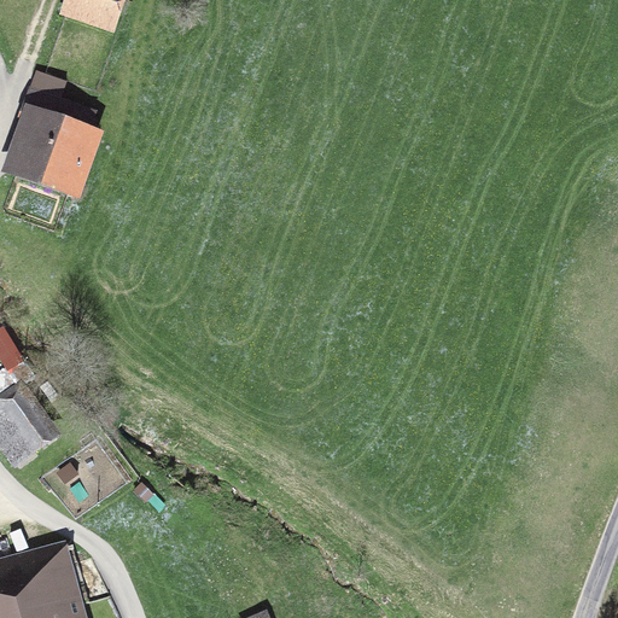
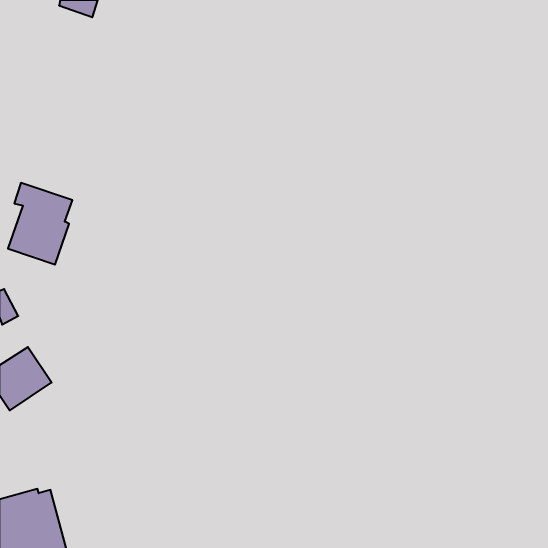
building: [16,95,88,187] -> [8,183,72,265]

